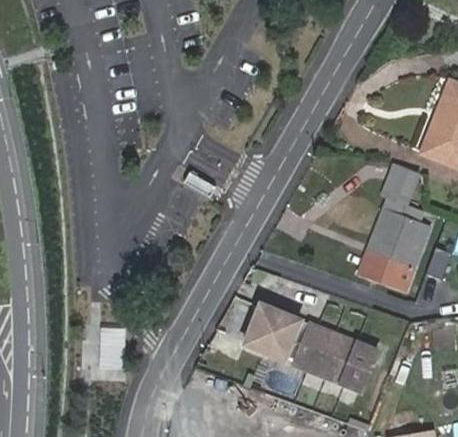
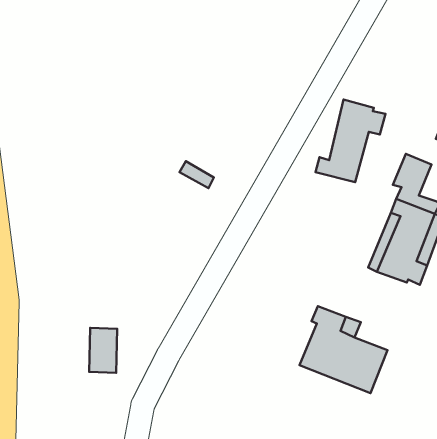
building: none -> [315,99,385,182]
building: [240,305,296,358] -> none

